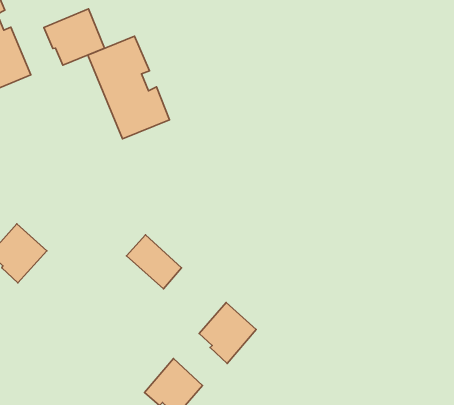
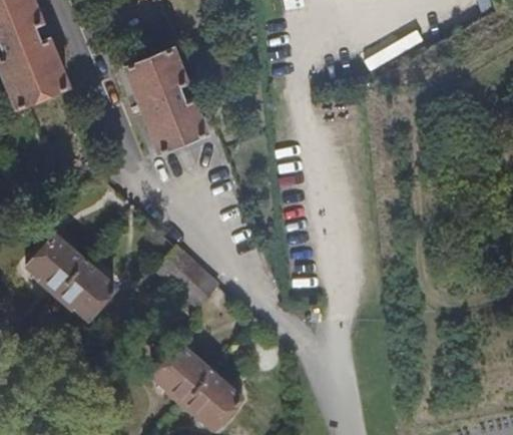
building: [44,9,104,65] -> none
building: none -> [55,265,114,322]
building: [199,302,256,363] -> [154,346,211,407]

